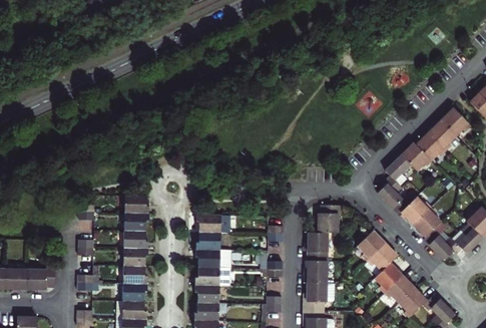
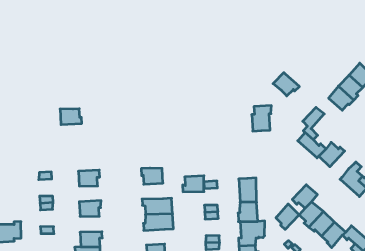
building: [401,143,431,171] -> [273,73,299,96]
building: [124,196,148,214] -> [60,109,82,125]
building: [318,205,341,233] -> [252,106,271,131]
building: [413,208,441,238] -> none
building: [116,231,148,249] -> none
building: [358,231,385,260] -> [276,204,299,229]
building: [195,233,220,251] -> [183,176,204,192]
building: [122,266,147,285] -> none
building: [195,286,219,303] -> none

